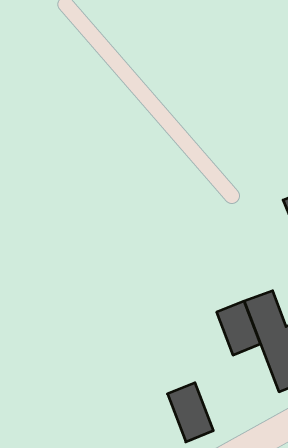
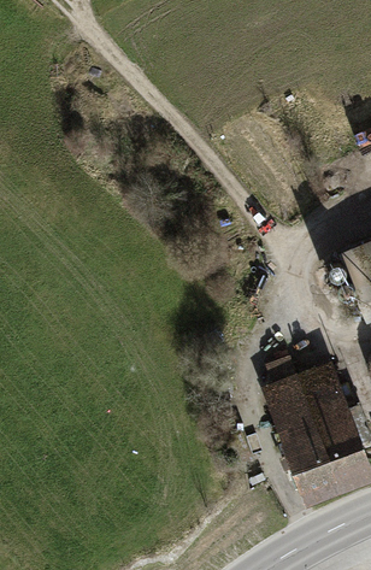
building: [167,383,213,442] -> [282,433,336,503]

